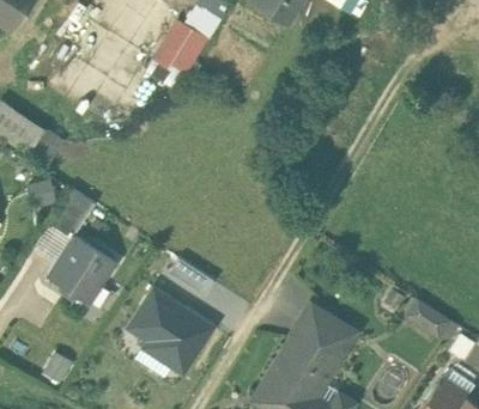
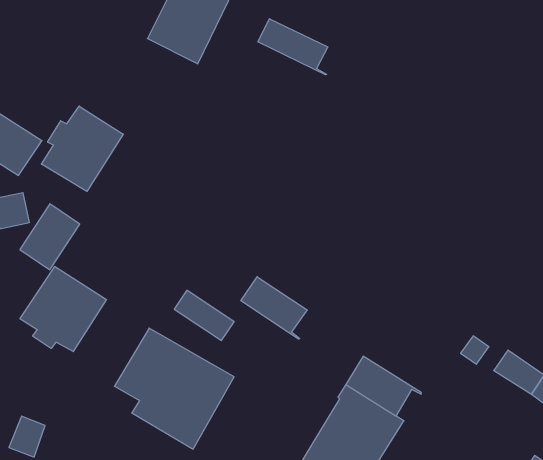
building: none -> [258,19,328,75]
building: none -> [41,106,123,191]
building: none -> [241,277,307,339]

